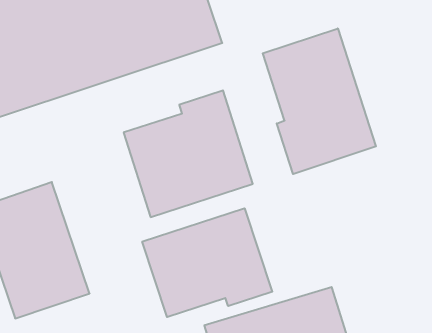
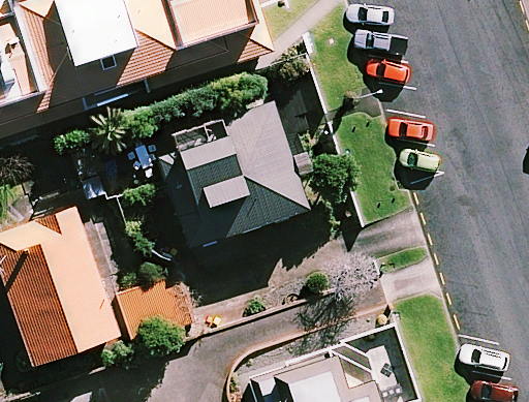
building: [263,28,376,174] -> none
building: [142,208,272,317] -> none

